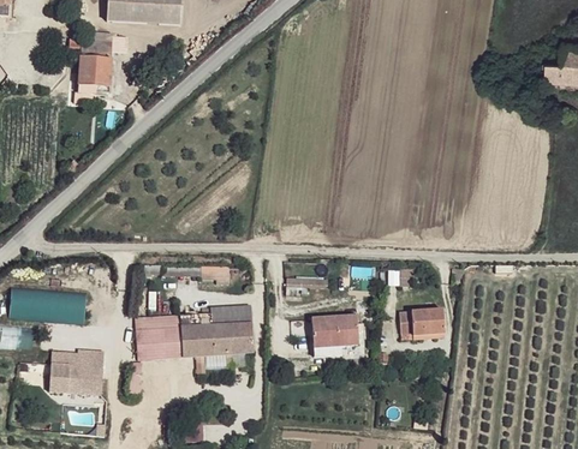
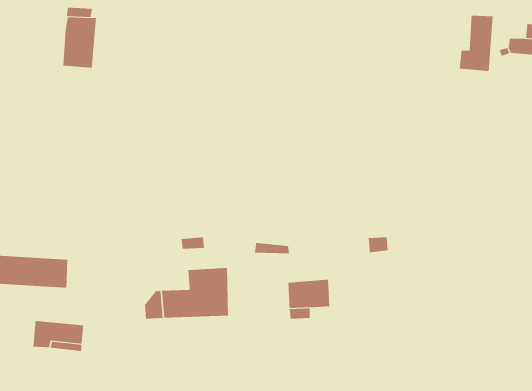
building: none -> [459,15,493,72]
building: [400,310,446,335] -> none
building: [129,327,175,358] -> none

